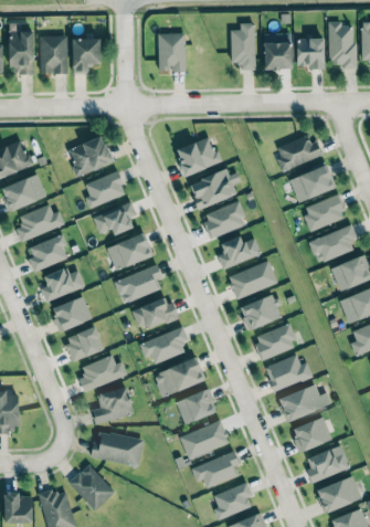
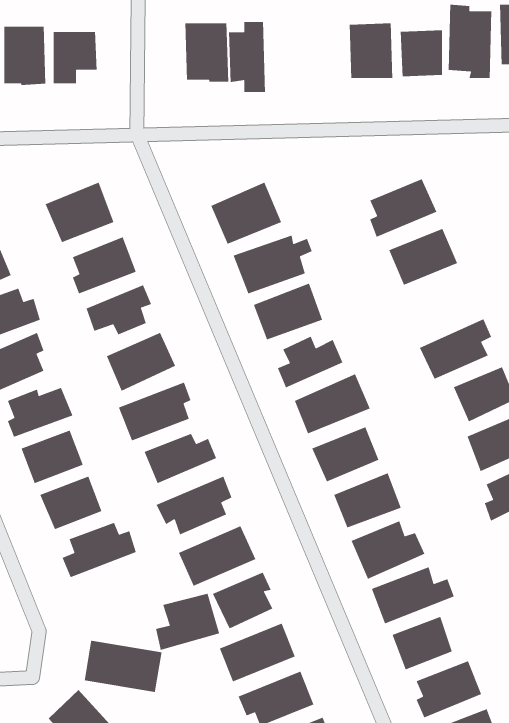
building: [231,23,255,70] -> [228,21,266,93]
building: [305,193,347,231] -> none
building: [93,387,135,424] -> [155,593,220,651]

